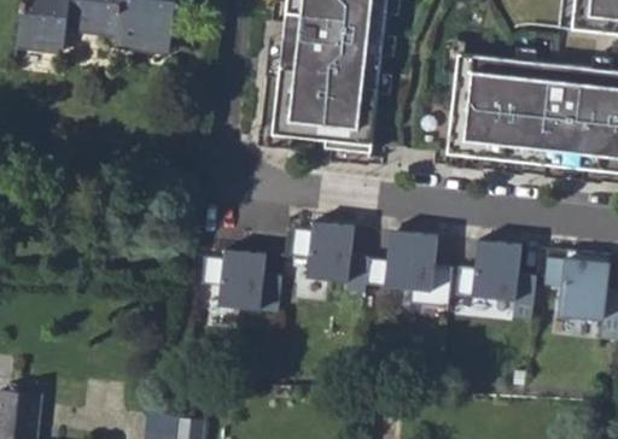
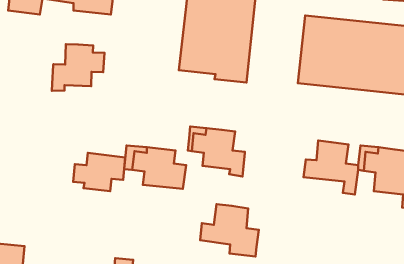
building: none -> [52,44,105,91]
building: [366,229,453,306] -> [200,204,259,257]
building: none -> [73,153,125,191]

